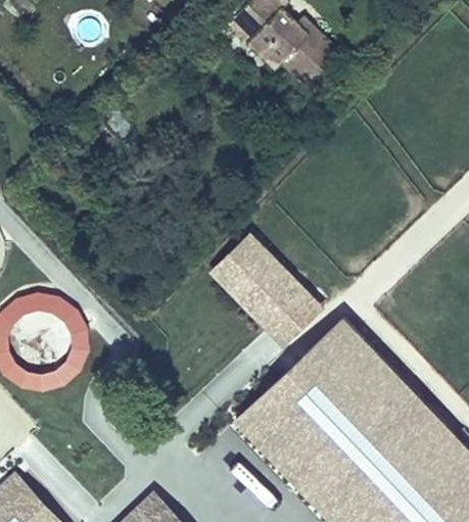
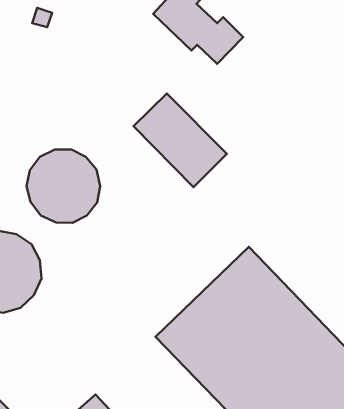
building: none -> [26,149,100,223]
building: [209,234,324,348] -> [134,94,227,187]

